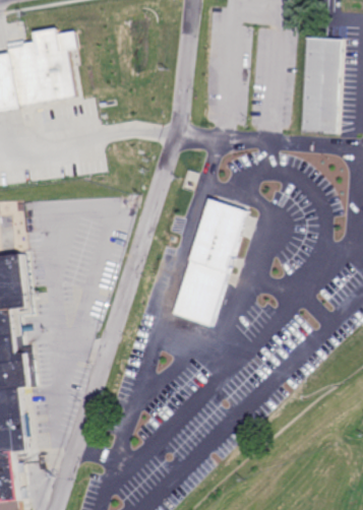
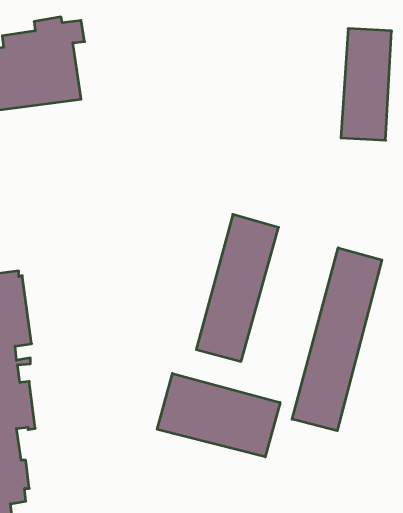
building: none -> [292,248,382,431]
building: none -> [157,373,280,457]

